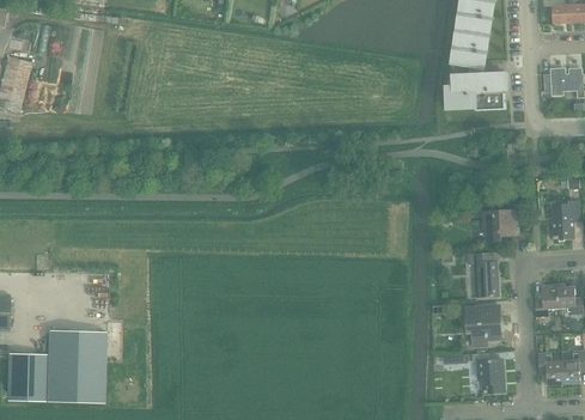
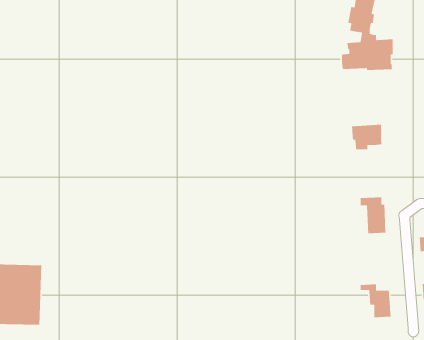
building: [482,211,518,241] -> [351,124,383,150]
building: [465,305,499,347] -> none

